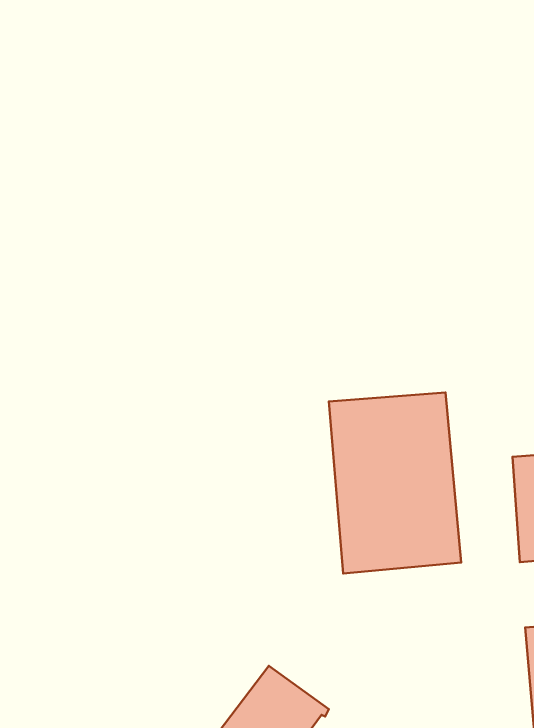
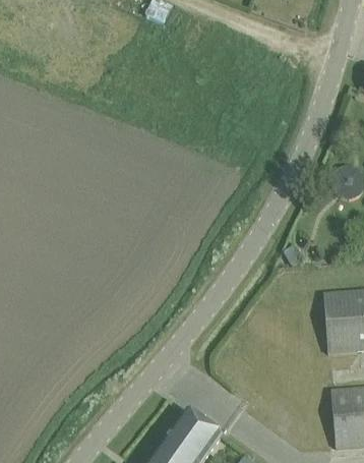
building: [329,392,461,573] -> none

